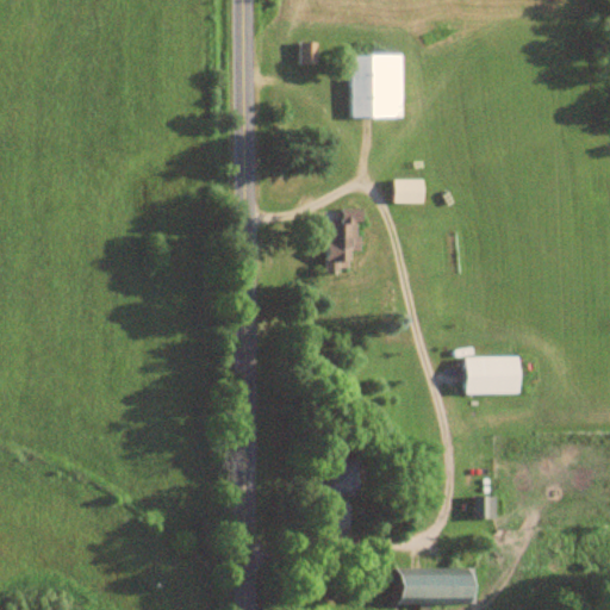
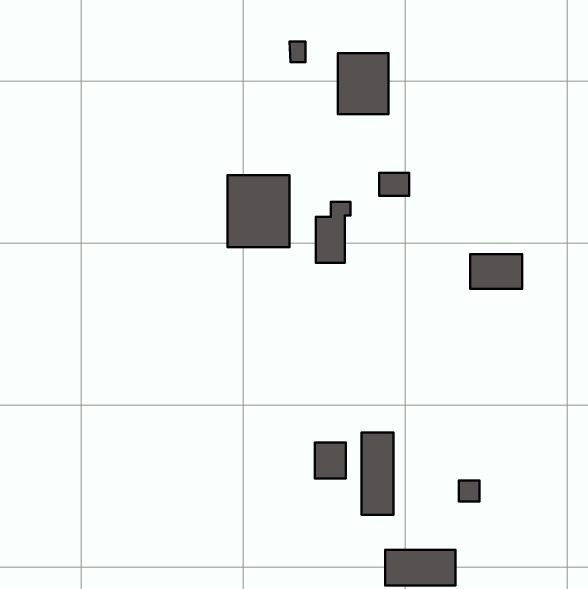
building: none -> [227,175,290,247]
building: [466,357,519,393] -> [470,254,522,289]
building: none -> [362,432,394,515]

